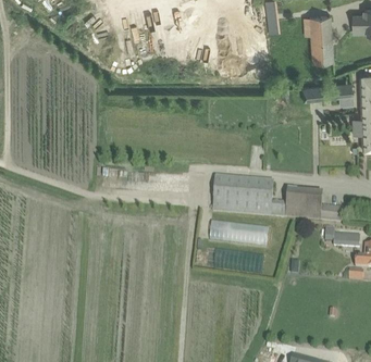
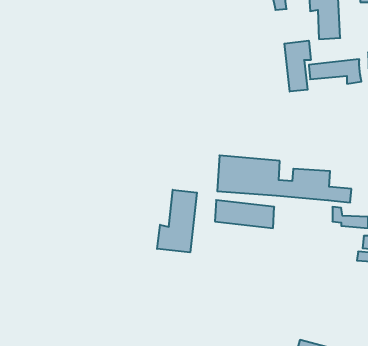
building: none -> [284,41,311,92]
building: none -> [157,190,197,252]

